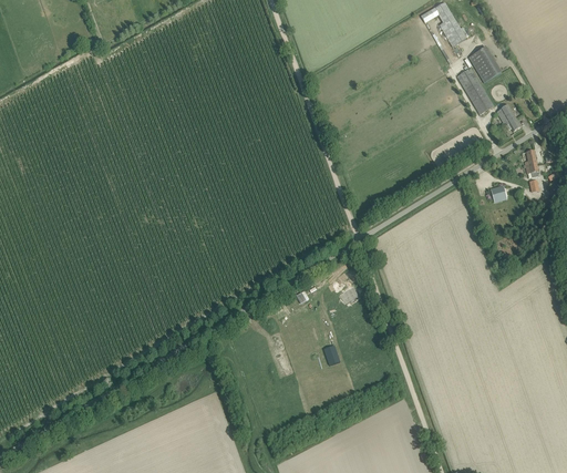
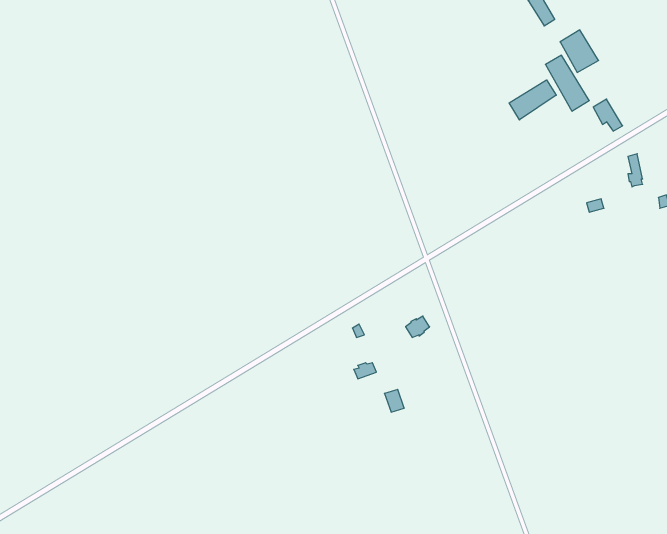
building: none -> [509,80,556,120]

